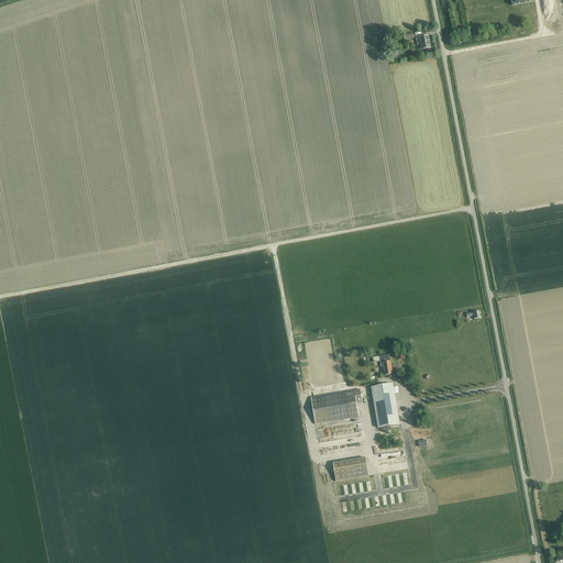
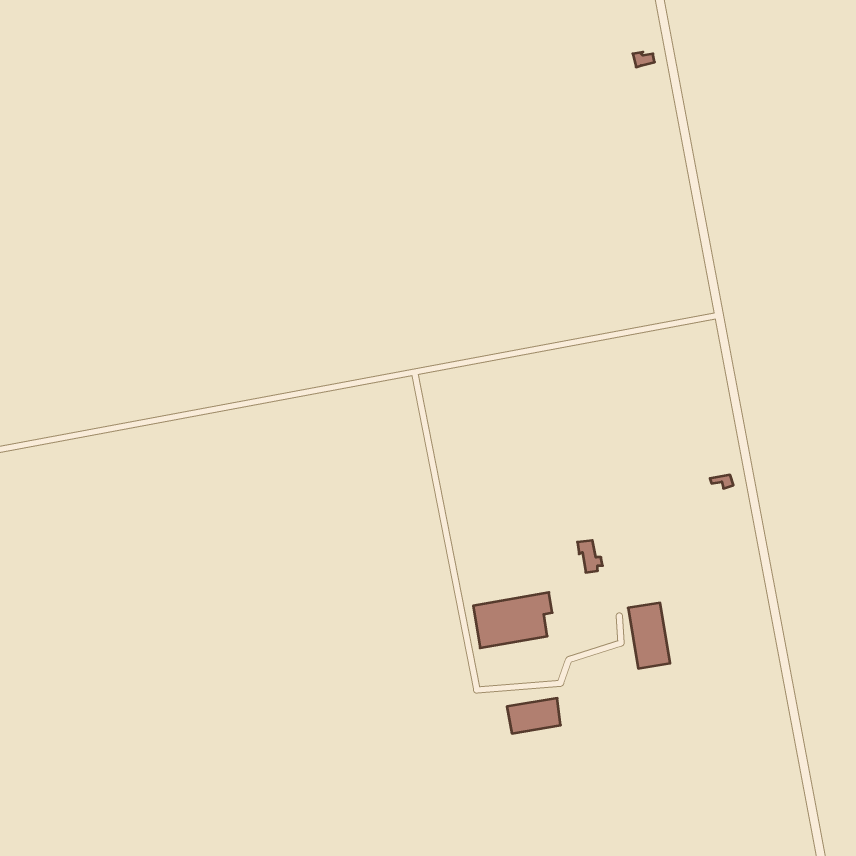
building: [371,384,398,427] -> [628,603,670,668]

